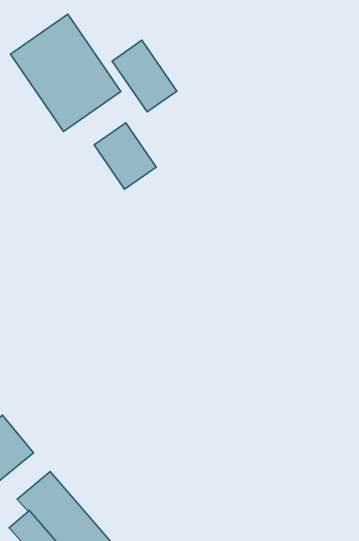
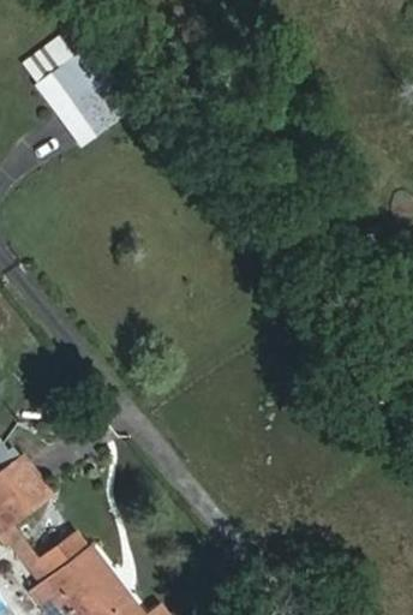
building: [112,40,177,112] -> none
building: [94,123,156,189] -> none

